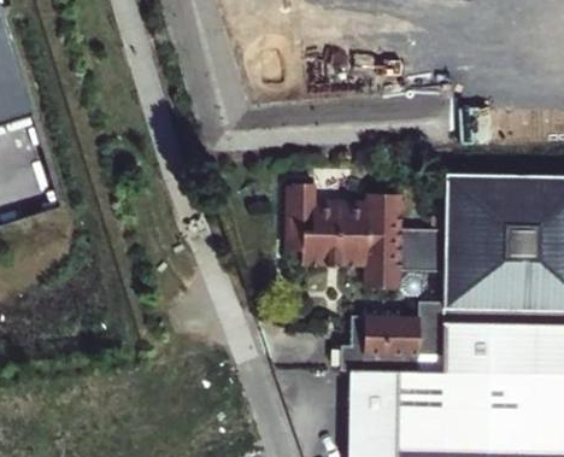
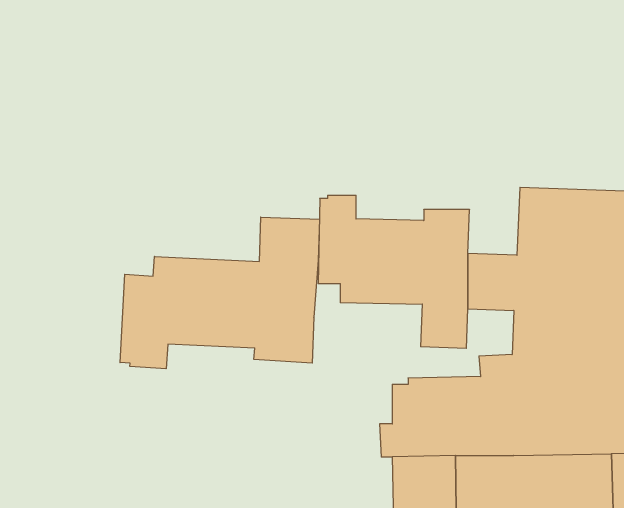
building: none -> [120,217,319,369]

